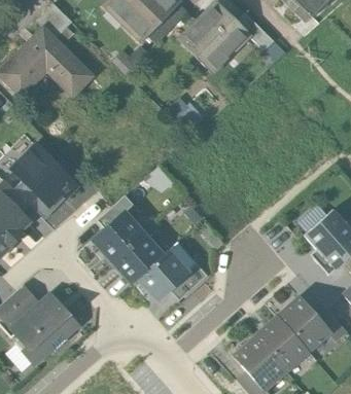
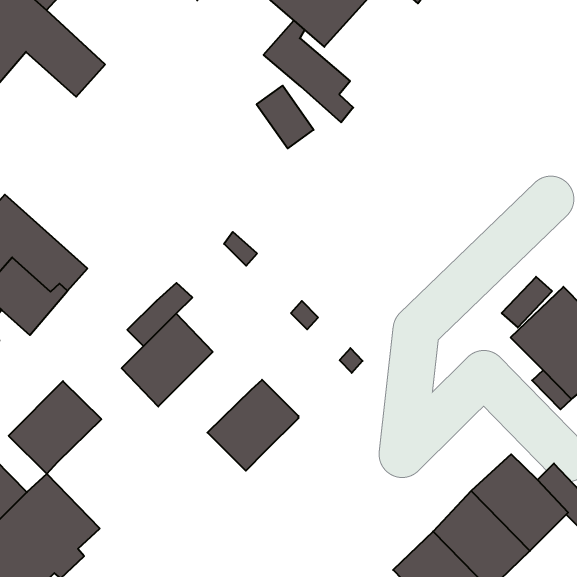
building: none -> [264,21,353,122]
building: [111,234,162,283] -> [9,381,101,474]
building: [168,263,207,300] -> none

